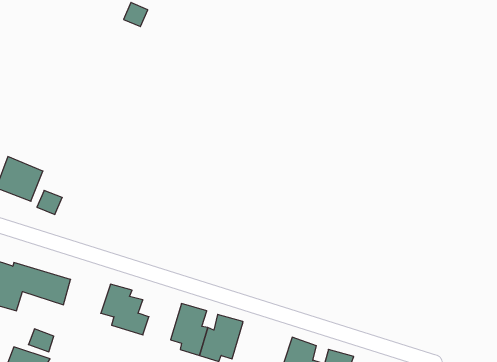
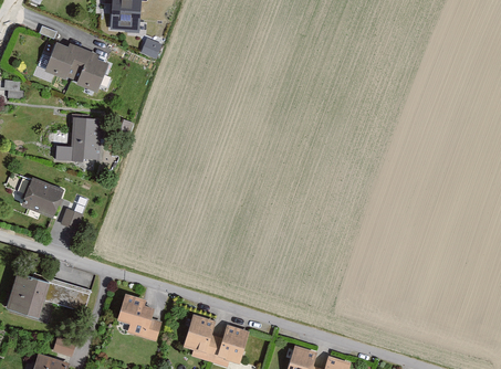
building: none -> [41,41,111,94]
building: none -> [56,118,102,164]

